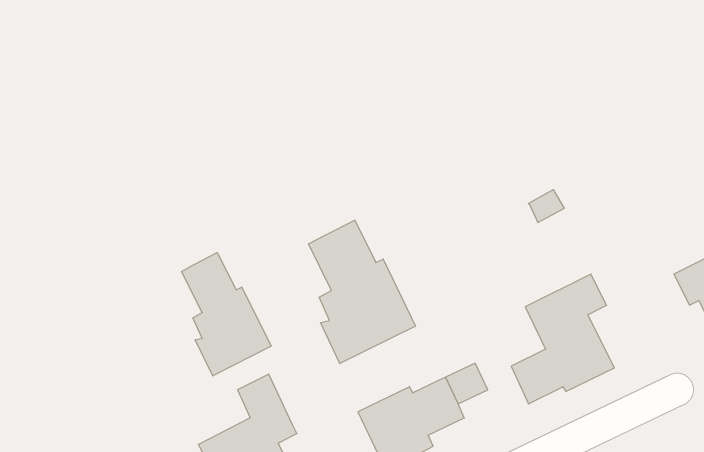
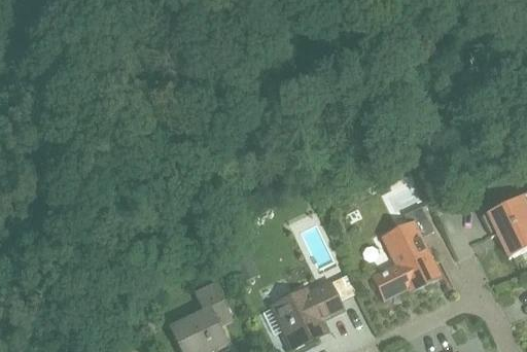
building: [309,220,416,364] -> none
building: [182,253,271,376] -> none

